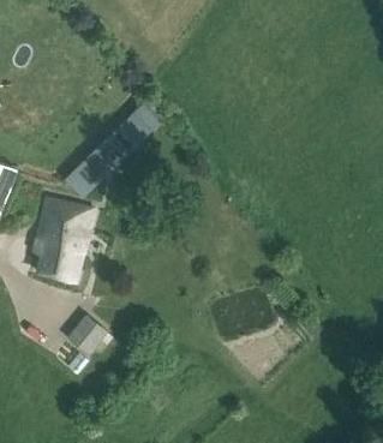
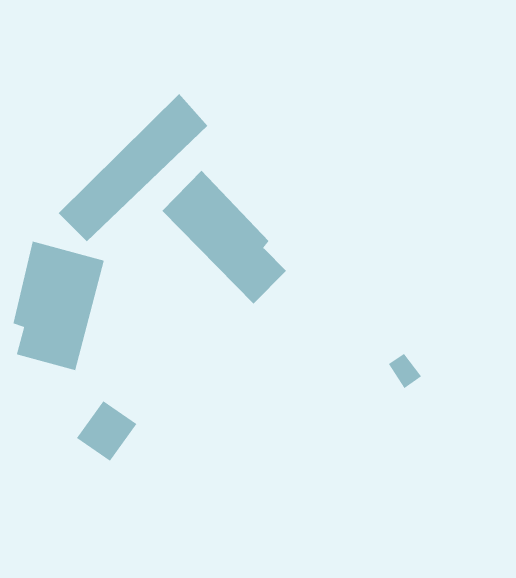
building: none -> [162,170,287,305]

